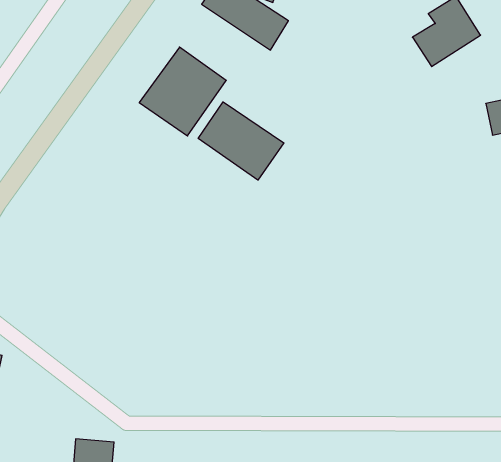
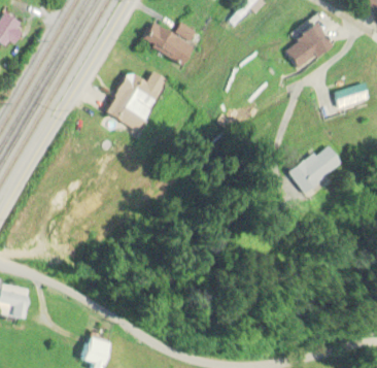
building: [198,102,284,180] -> none
building: none -> [282,142,338,194]

